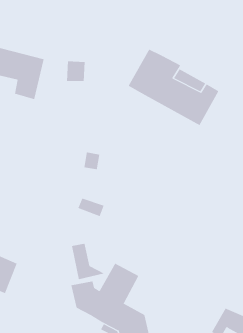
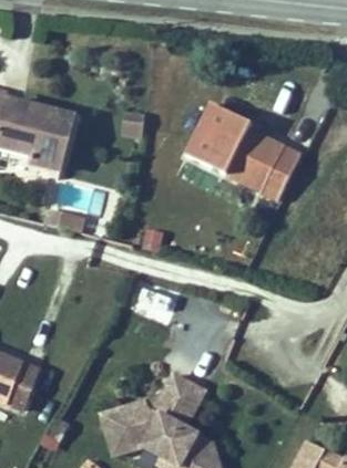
building: [71,243,105,280] -> [99,404,142,450]

